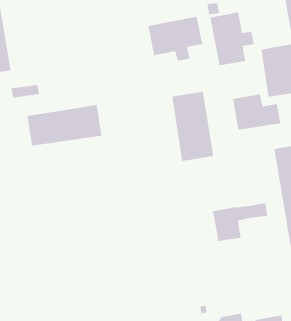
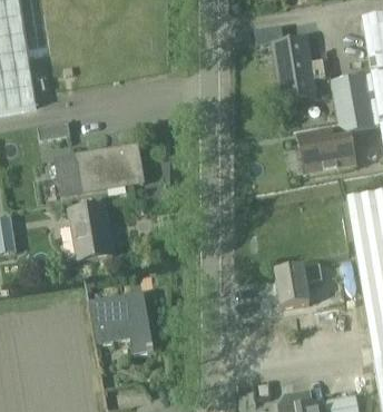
building: [148,16,203,61] -> none
building: [171,91,214,162] -> none
building: none -> [67,202,114,262]
building: none -> [88,291,153,353]

